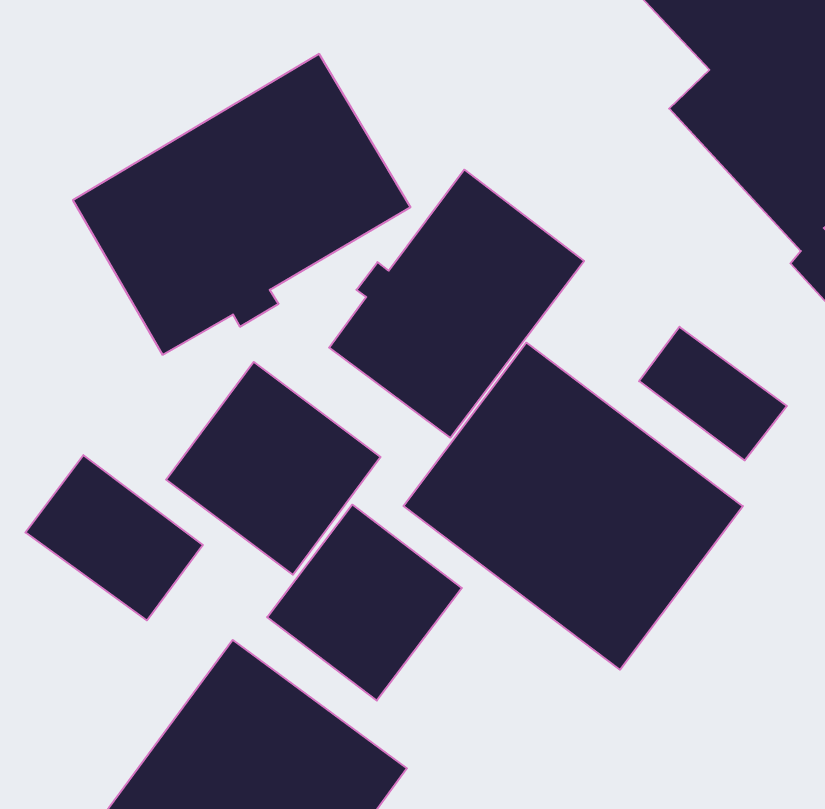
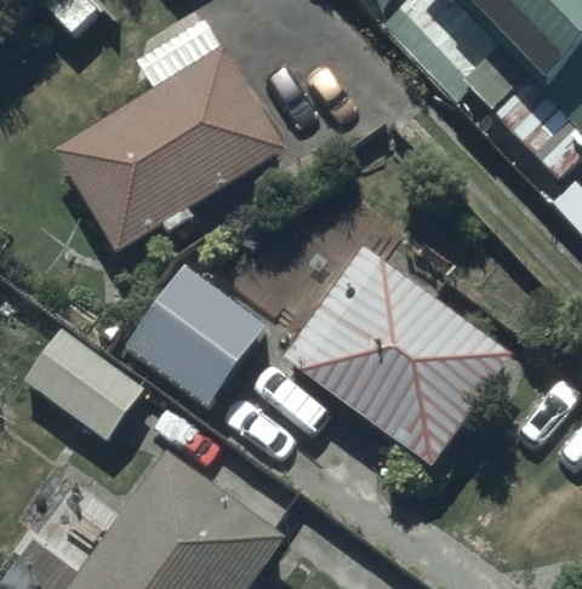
building: [329,170,584,438] -> none
building: [267,505,462,701] -> none

